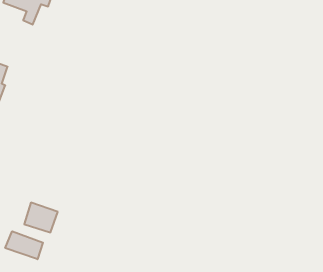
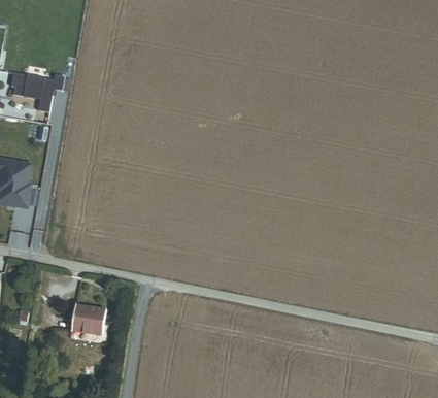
building: [5,231,43,259] -> none

